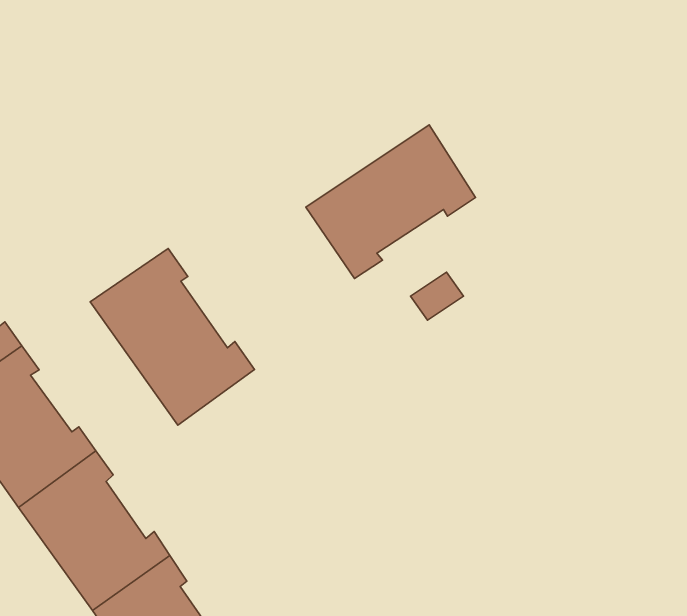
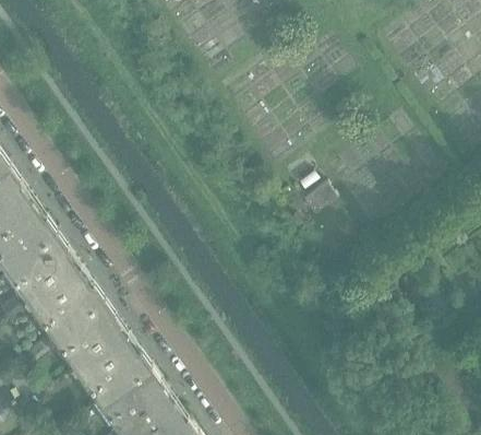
building: [306,125,476,279] -> none
building: [90,249,255,425] -> none

